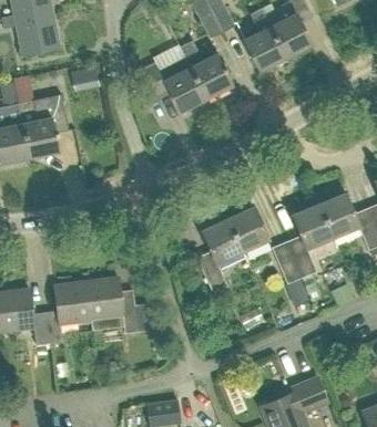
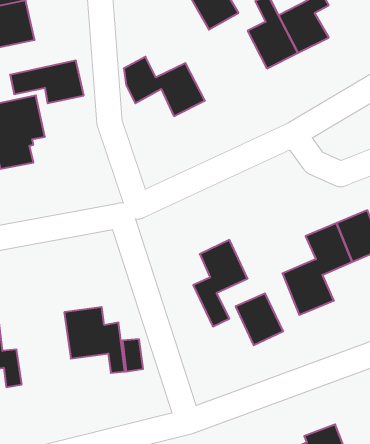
building: [181,40,233,98] -> none
building: [227,207,268,251] -> [236,294,283,345]
building: [44,280,91,342] -> none

